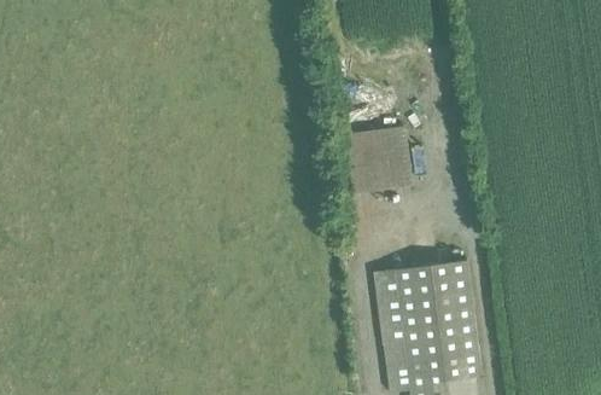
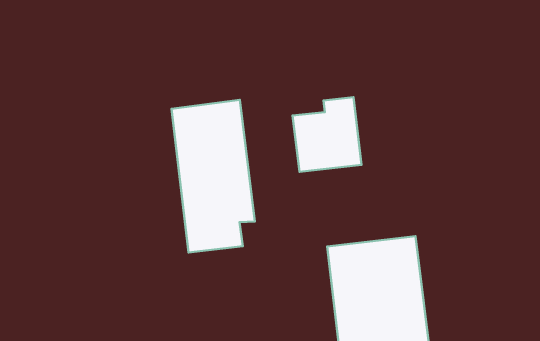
building: none -> [171,100,255,252]

